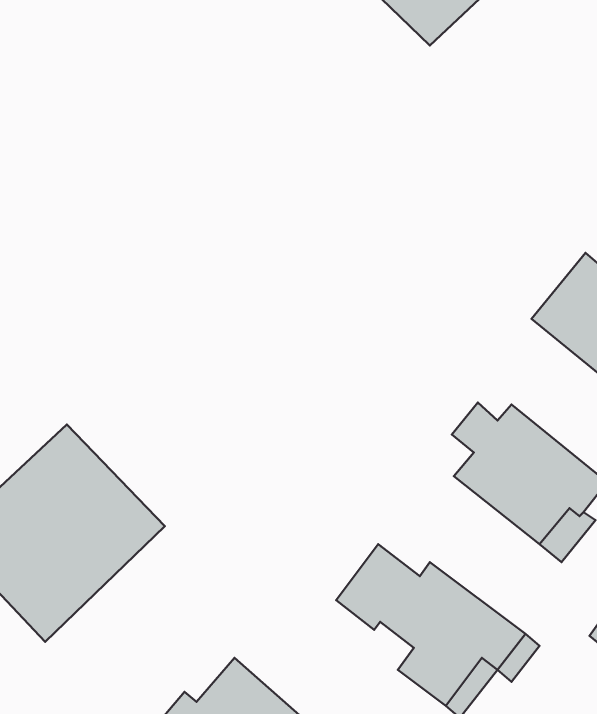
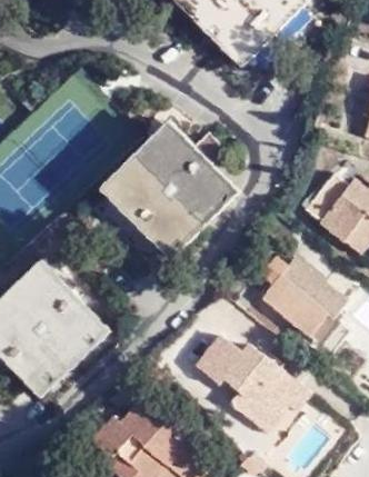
building: none -> [109,129,232,252]

